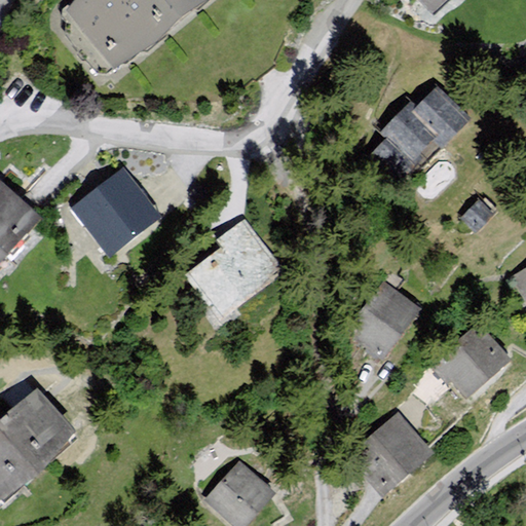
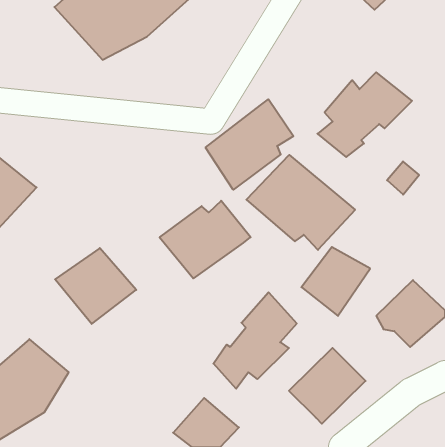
building: none -> [206,99,293,190]
building: [65,168,158,256] -> [55,248,136,324]
building: none -> [246,155,355,250]
building: none -> [213,292,297,389]

